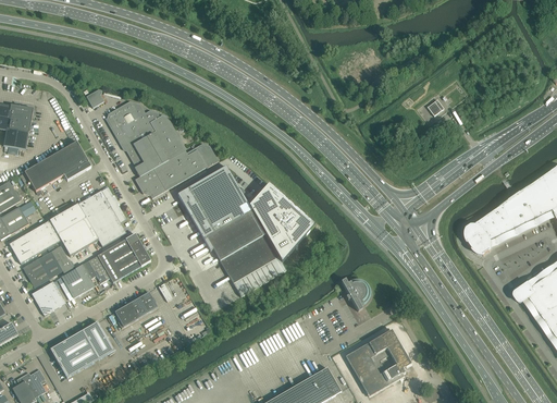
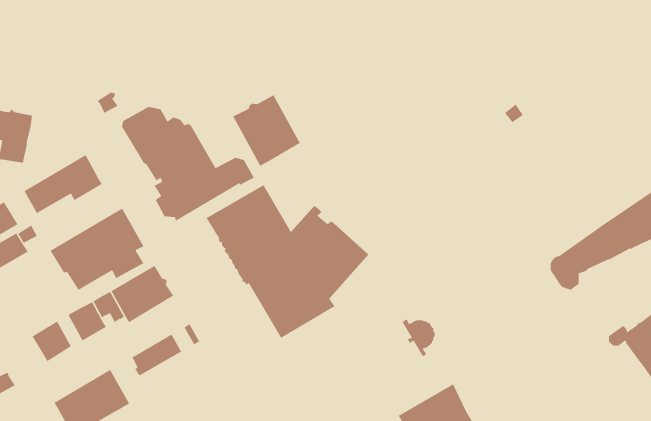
building: none -> [232,94,301,167]
building: [10,221,59,262] -> none
building: [23,245,74,286] -> none

